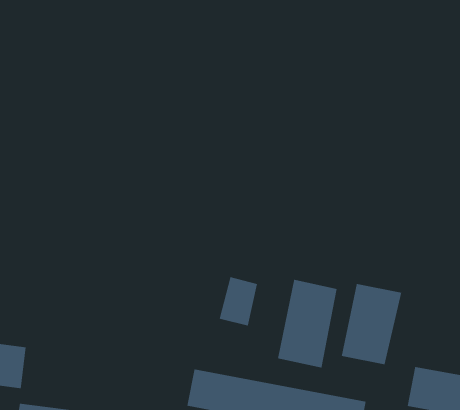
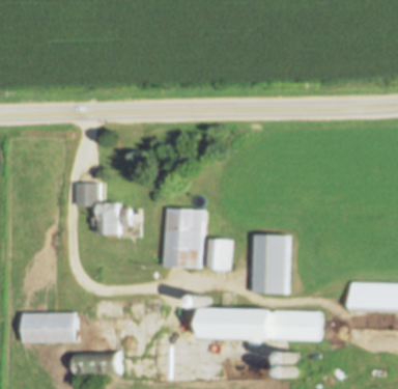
building: none -> [78,183,132,235]
building: none -> [164,209,202,269]
building: [341,283,402,365] -> none

